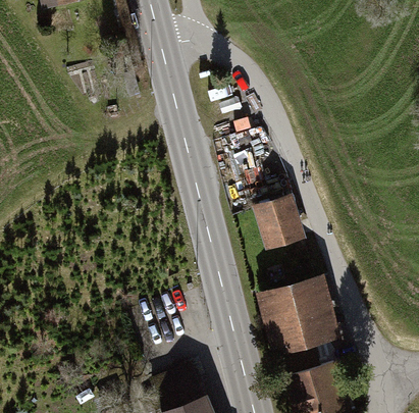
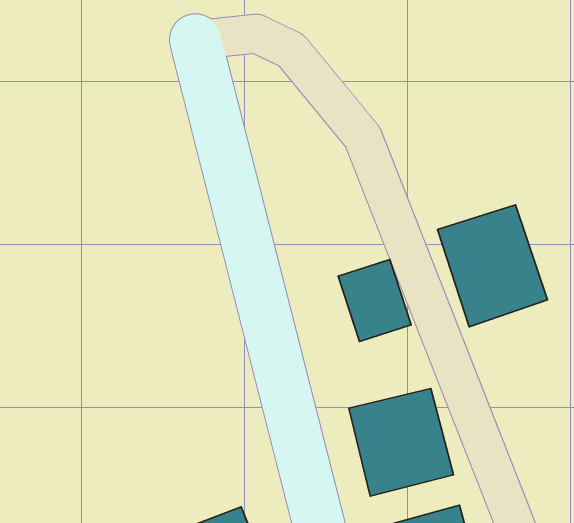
building: none -> [438,205,548,327]

